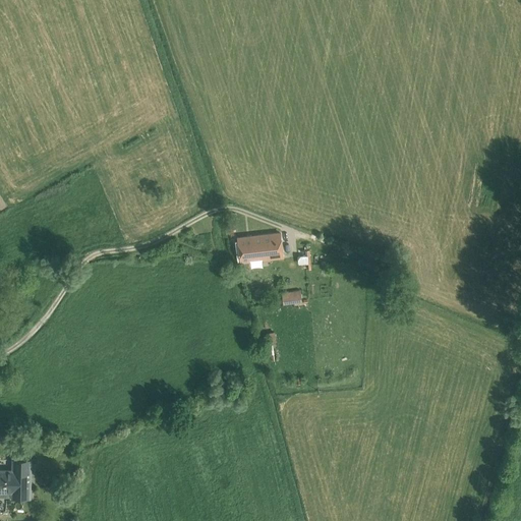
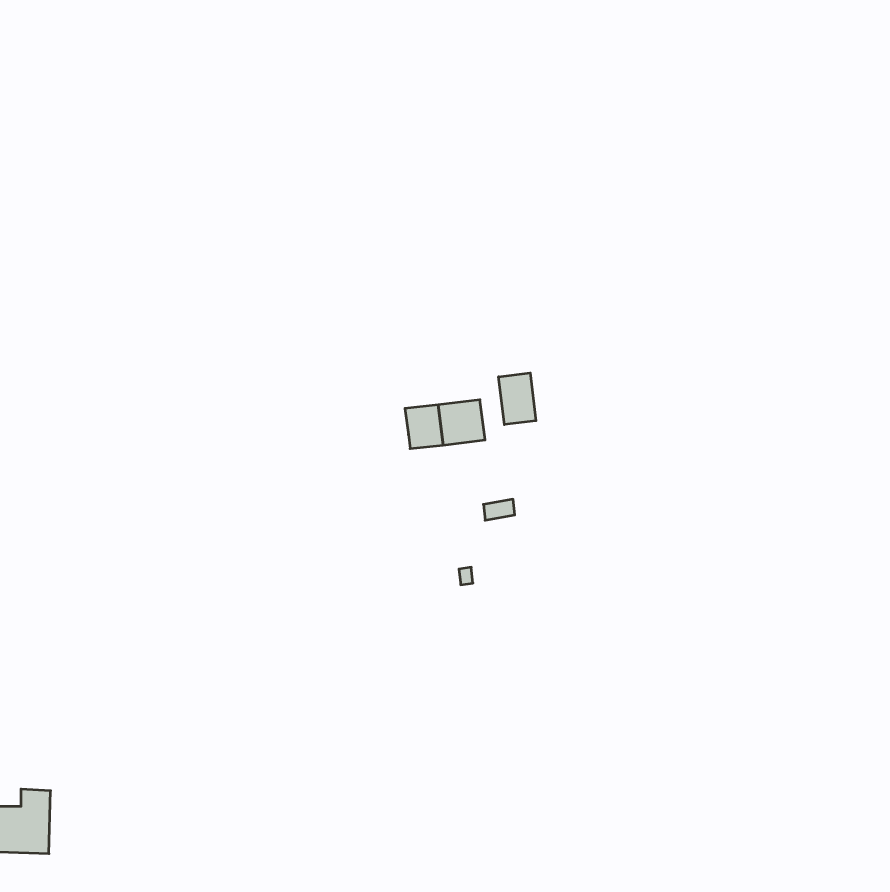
building: none -> [499,373,536,425]

